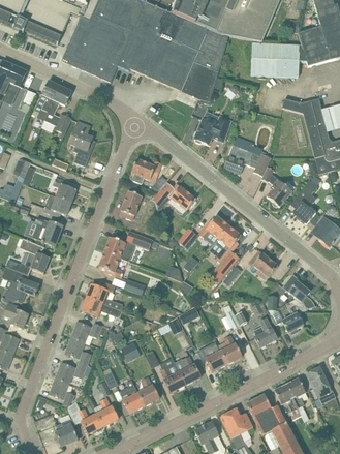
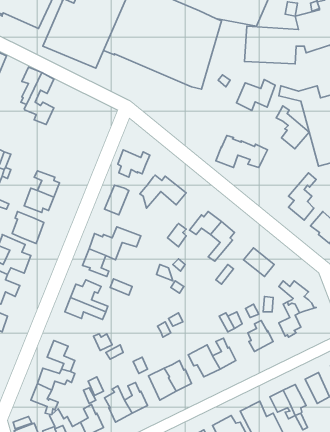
building: [194,116,230,145] -> [236,80,275,111]
building: [69,122,94,167] -> none
building: [261,167,292,207] -> [276,106,309,149]
building: [71,322,105,344] -> none

